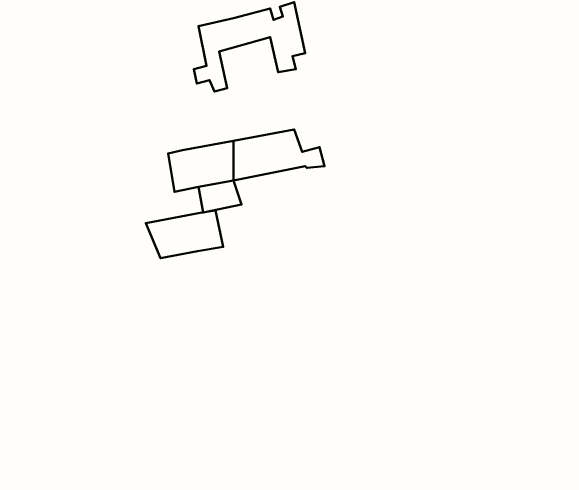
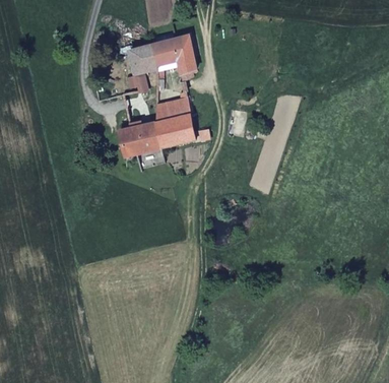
building: none -> [151,101,190,123]
building: [146,210,223,258] -> none

